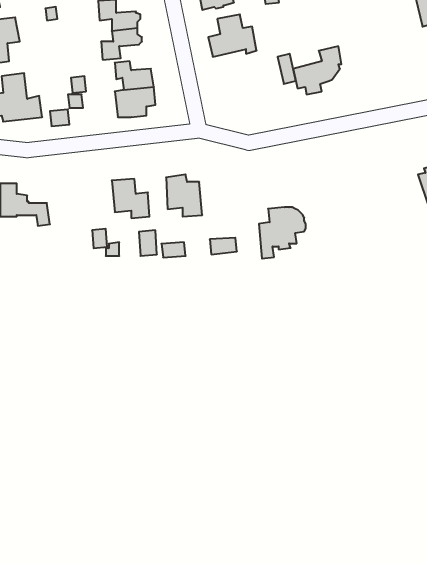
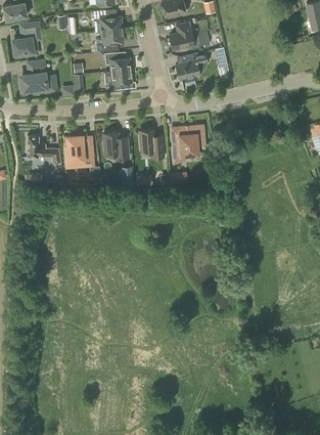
building: [293,46,341,94] -> [175,50,208,83]
building: none -> [64,135,92,165]
building: [259,207,306,259] -> [172,127,203,162]

